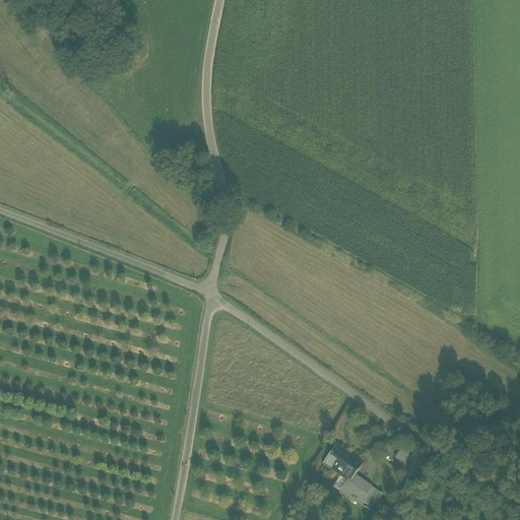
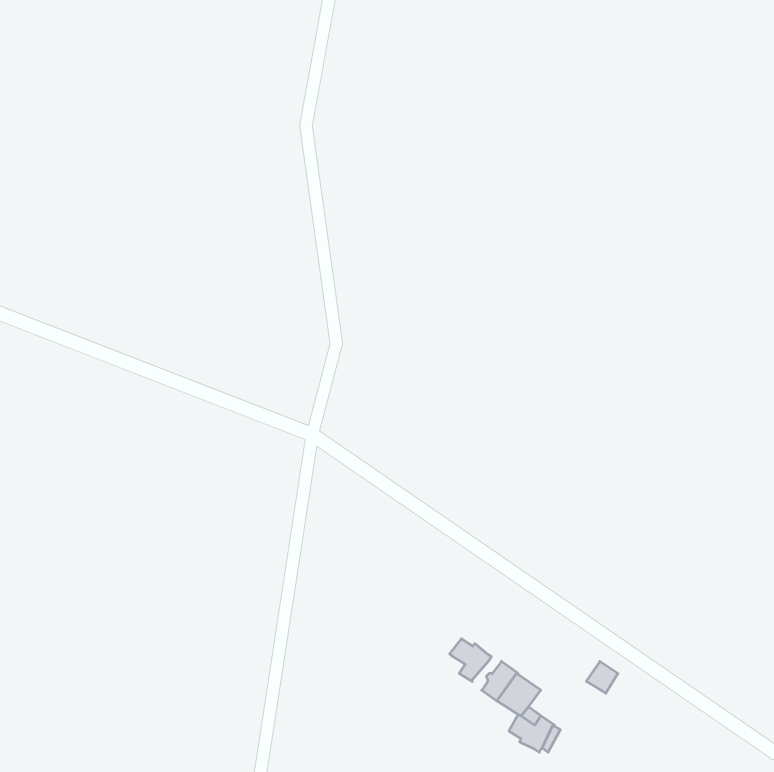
building: none -> [450,639,491,682]

